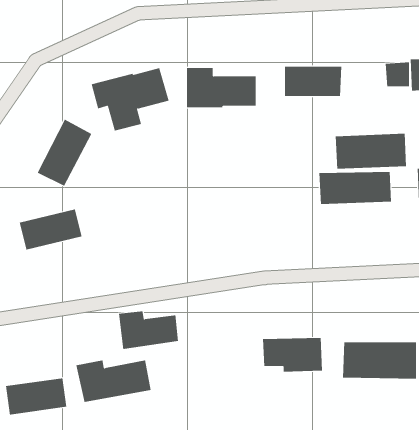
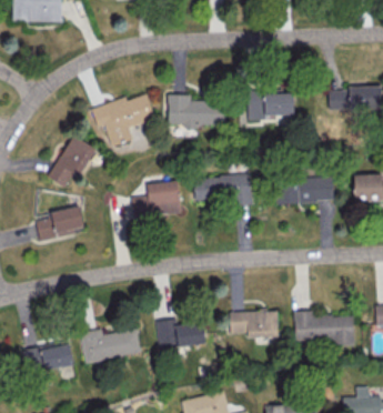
building: [335,133,407,169] -> [194,174,252,203]
building: none -> [131,180,181,216]
building: [118,311,179,349] -> [157,319,205,350]

